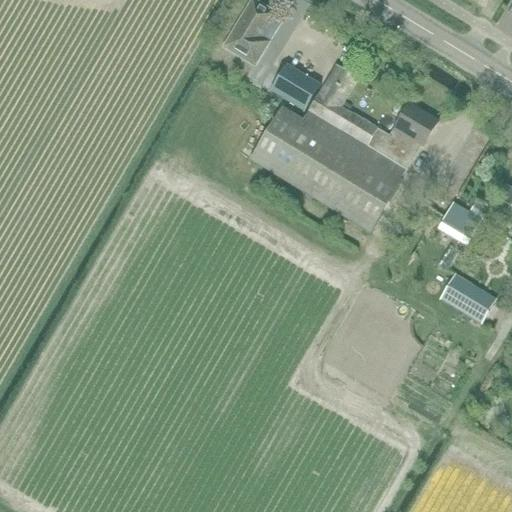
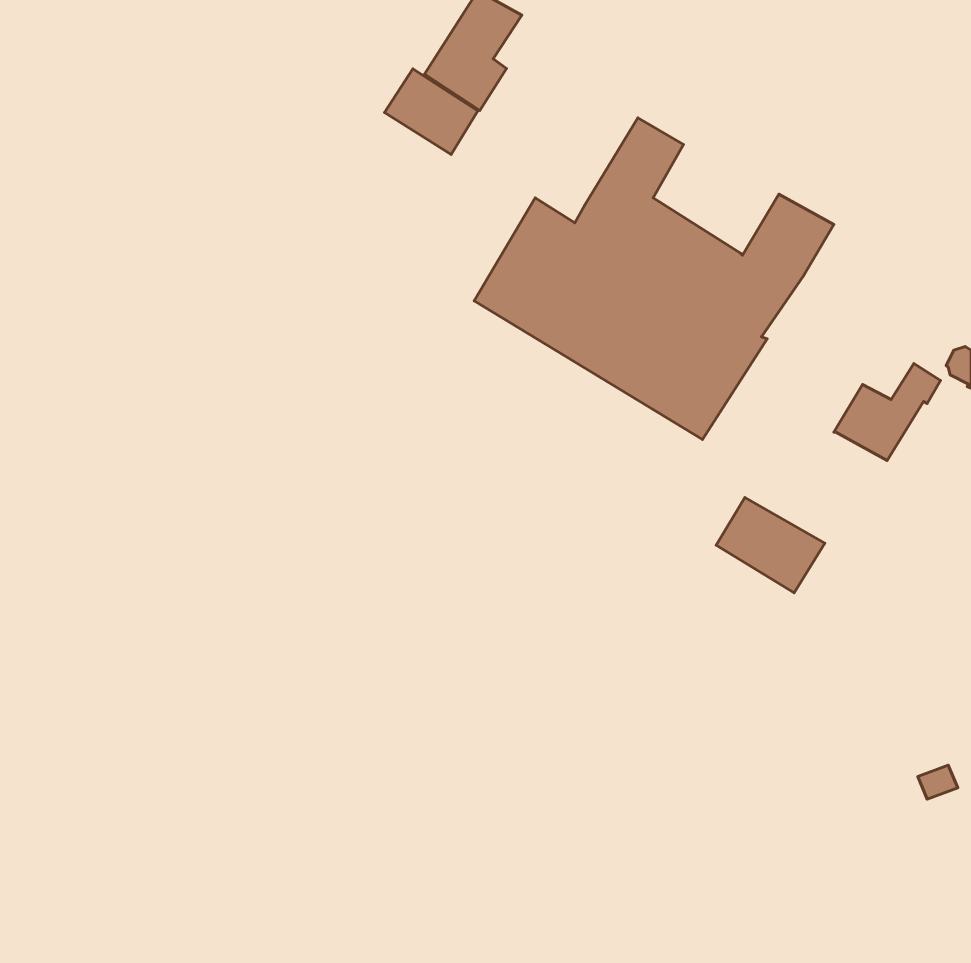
building: [270,62,319,107] -> [384,69,478,154]
building: [440,272,497,322] -> [716,498,825,593]

